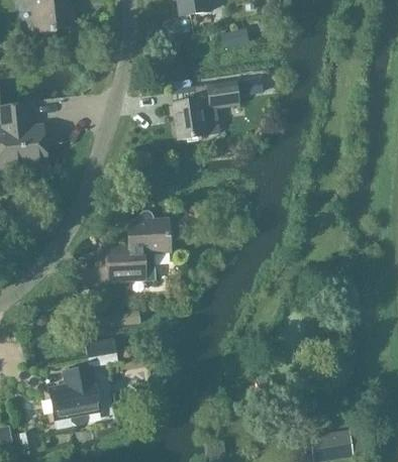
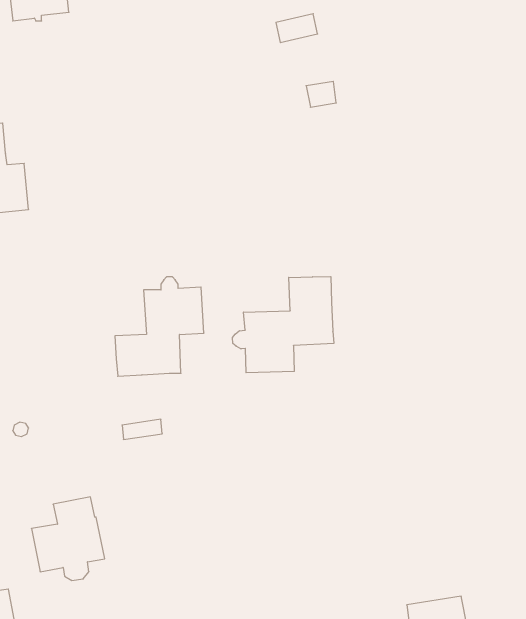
building: [172,81,236,139] -> none
building: none -> [232,277,334,373]
building: [85,337,117,361] -> none

